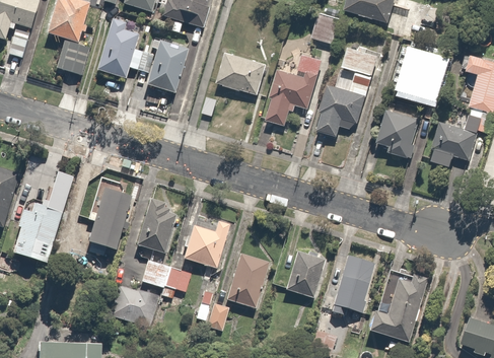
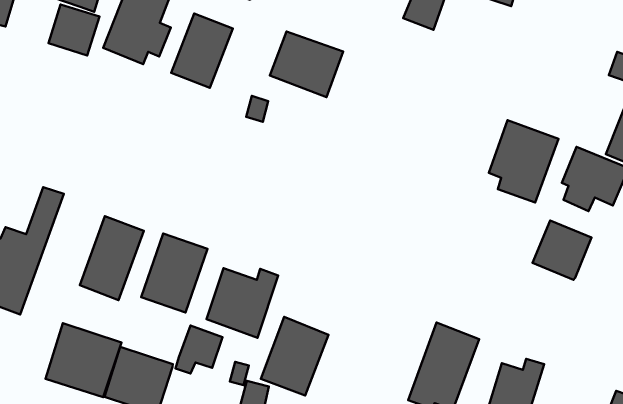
building: [263,46,324,128] -> none
building: [315,47,377,134] -> none
building: [399,50,447,97] -> none
building: none -> [532,221,591,280]
building: [282,249,326,301] -> none
building: [141,258,169,287] -> none
building: none -> [46,323,122,397]

